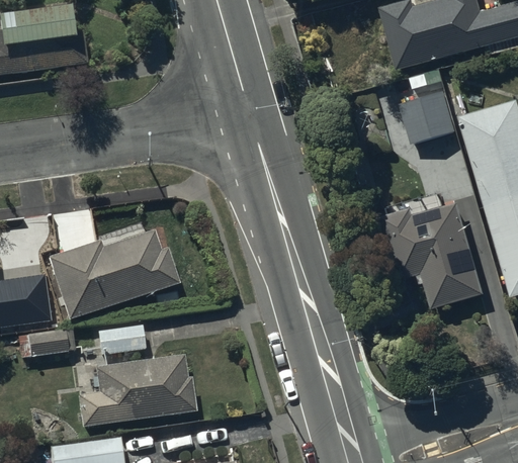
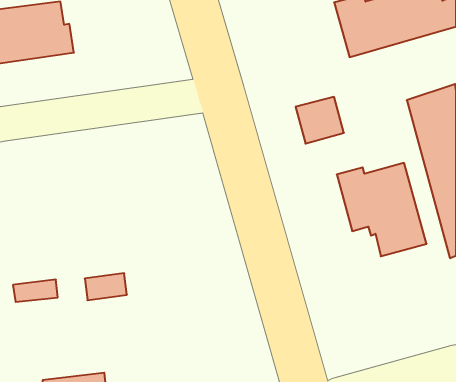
building: [401,101,455,154] -> [296,97,344,144]
building: [14,226,180,319] -> none
building: [78,352,196,424] -> none

